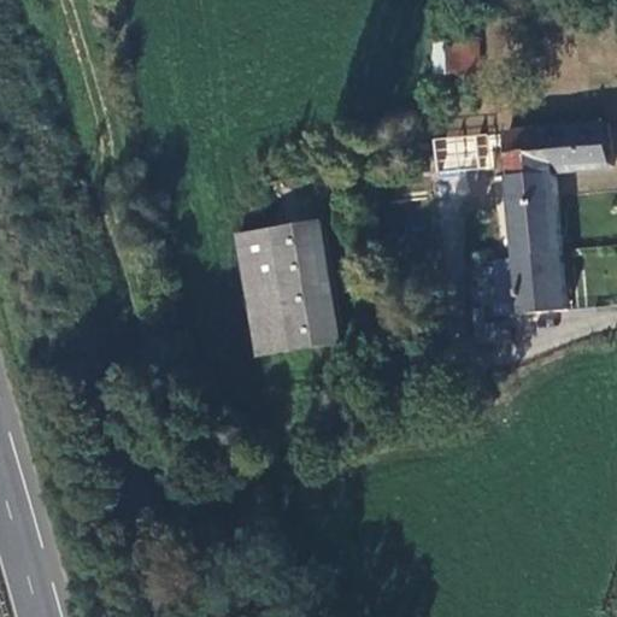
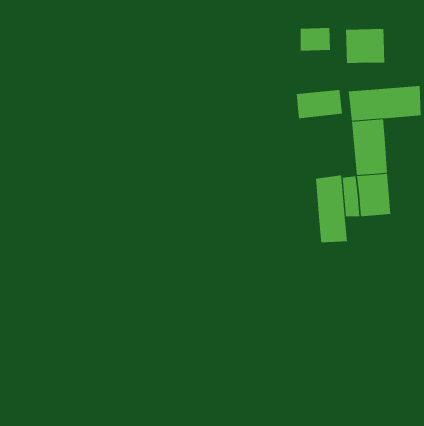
building: none -> [346,28,385,64]
building: [236,222,339,353] -> none
building: none -> [315,174,347,243]

